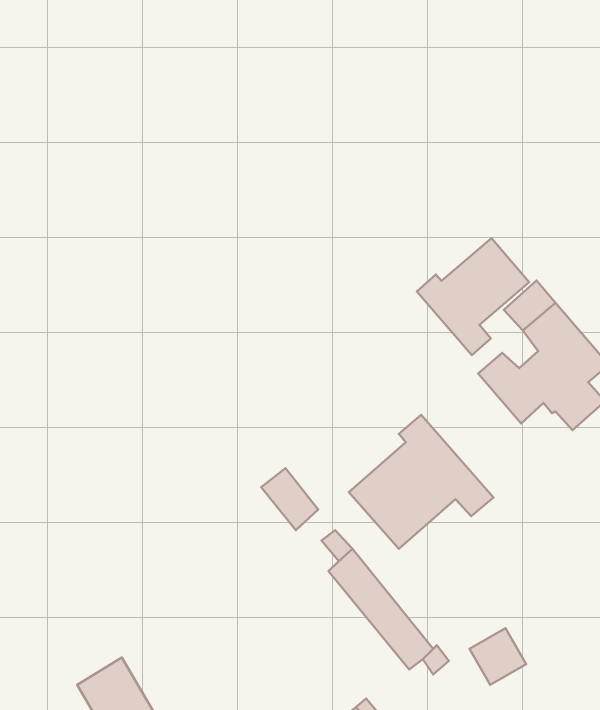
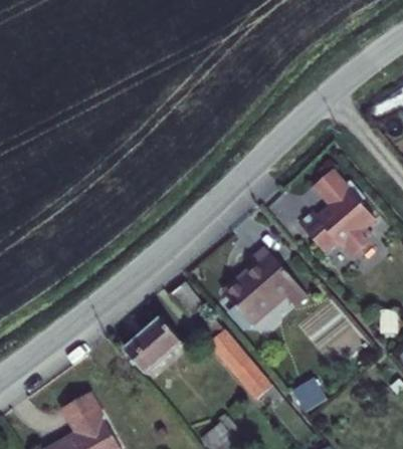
building: [417,238,529,355] -> none
building: none -> [124,315,182,373]

